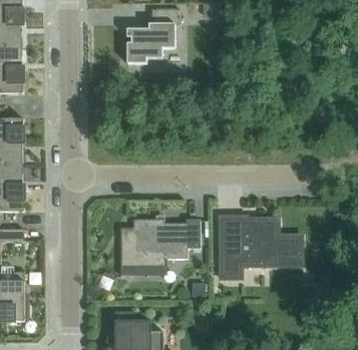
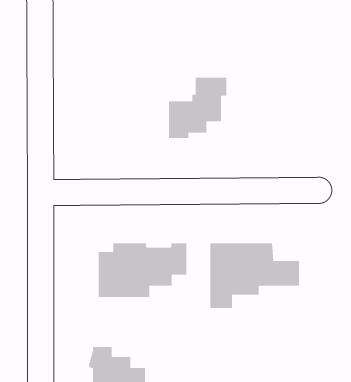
building: [126,9,180,64] -> [168,77,227,139]

